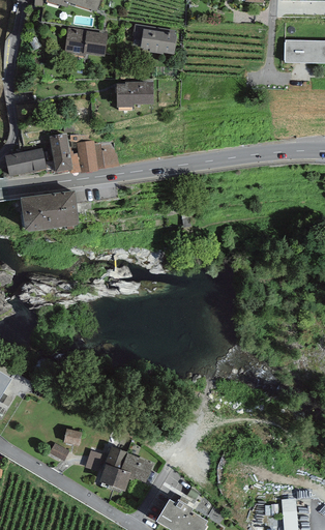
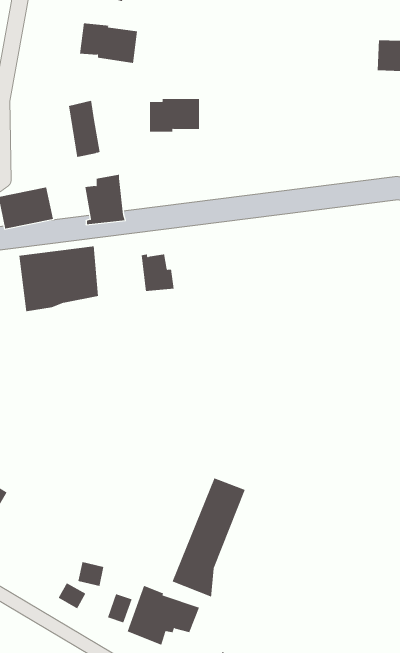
building: [132,23,177,55] -> none
building: [49,134,72,176] -> [68,100,100,158]
building: [94,141,119,169] -> [141,254,175,292]
building: none -> [172,477,245,598]

